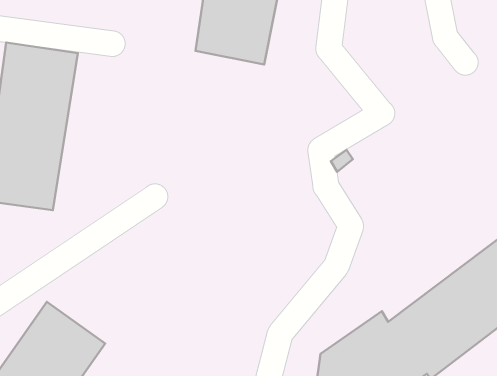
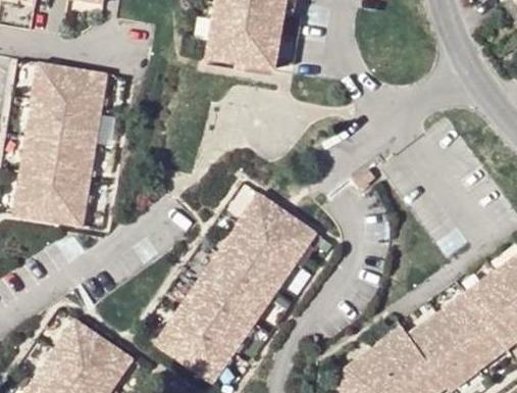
building: none -> [153,194,315,381]

